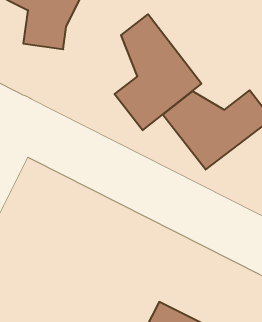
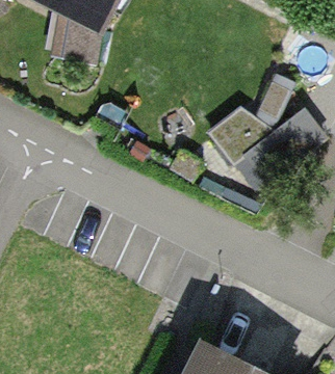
building: [115,14,201,130] -> none

